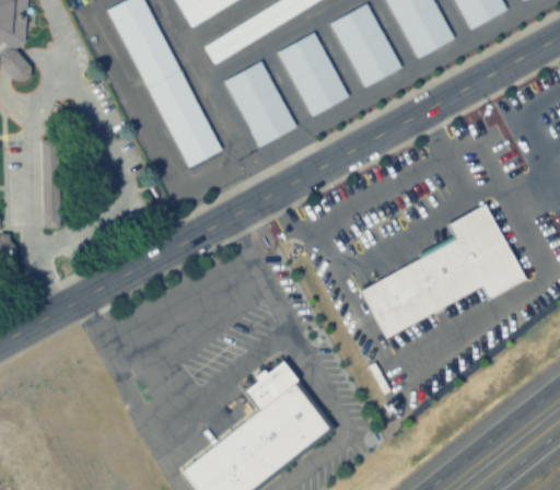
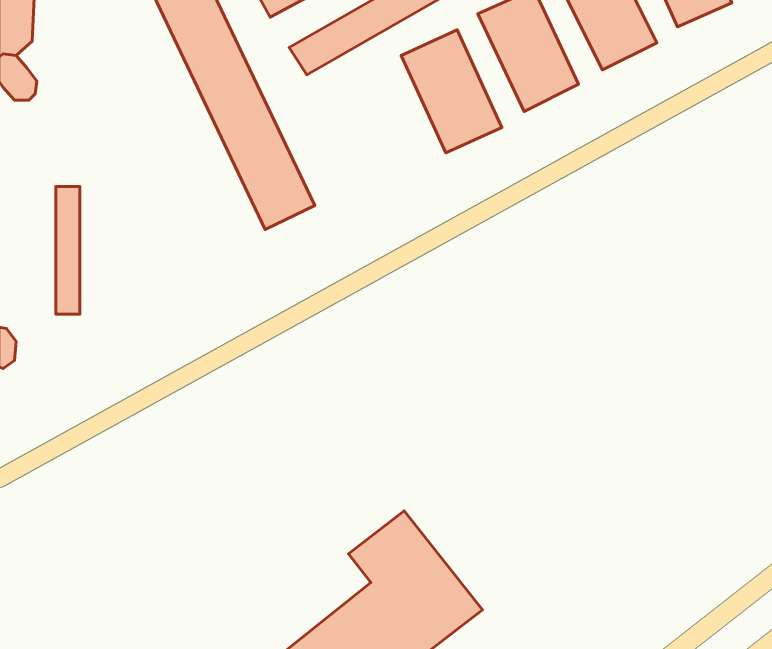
building: [226,61,295,147] -> none
building: [361,203,525,337] -> none

